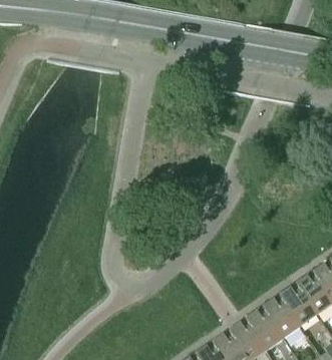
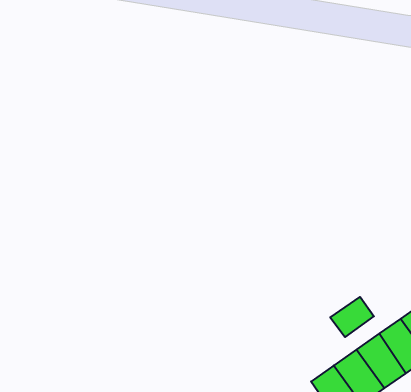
building: none -> [330,297,374,337]

